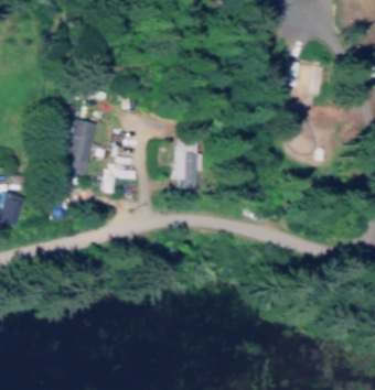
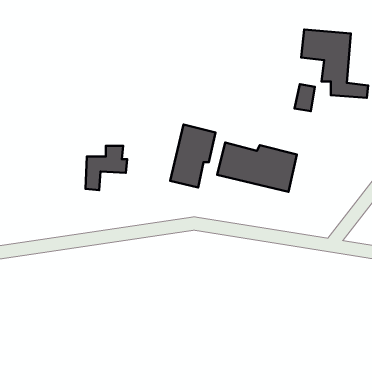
building: [64,120,94,175] -> none
building: none -> [217,142,297,192]

